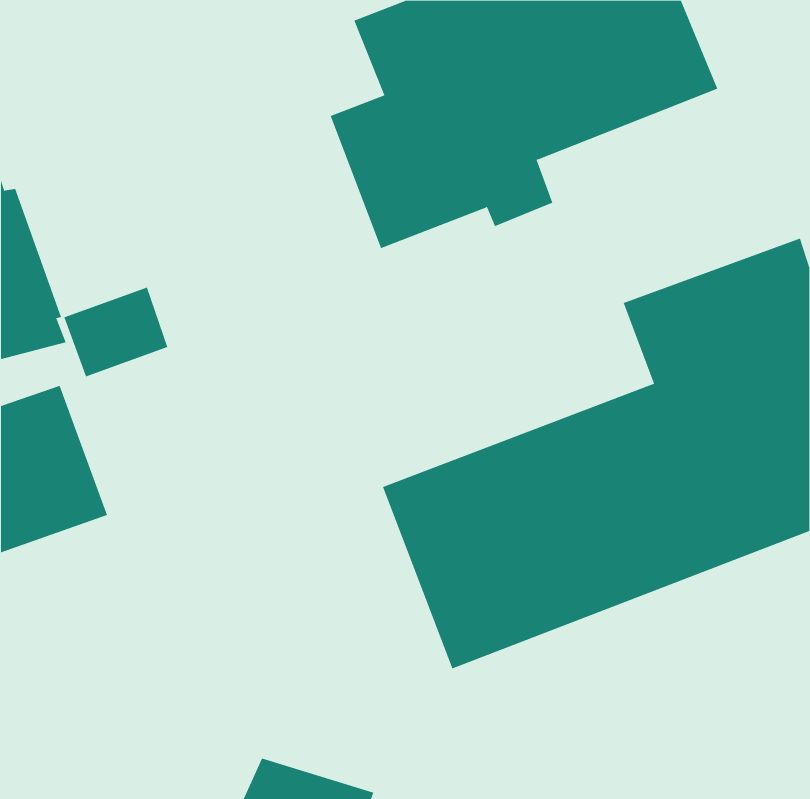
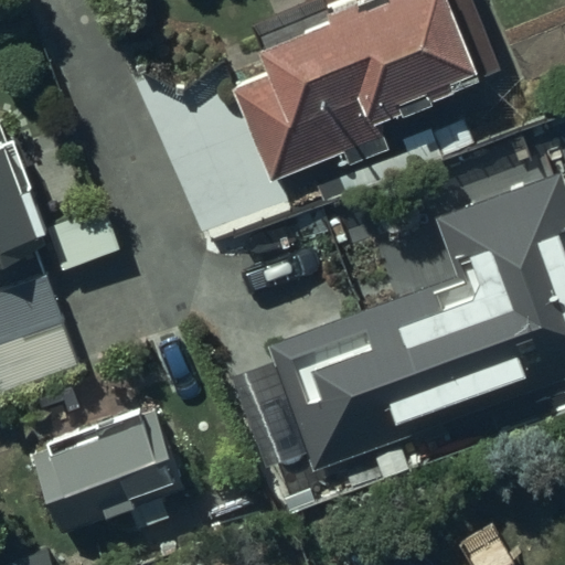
building: none -> [26,404,182,535]

